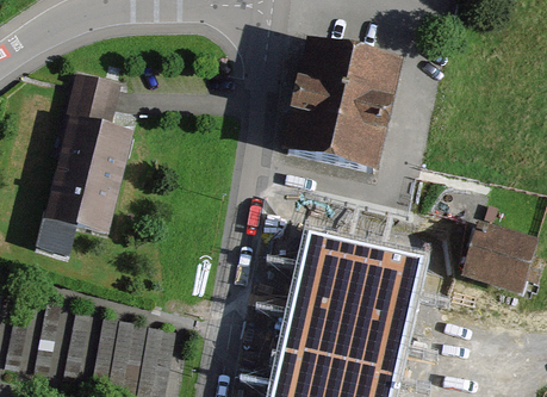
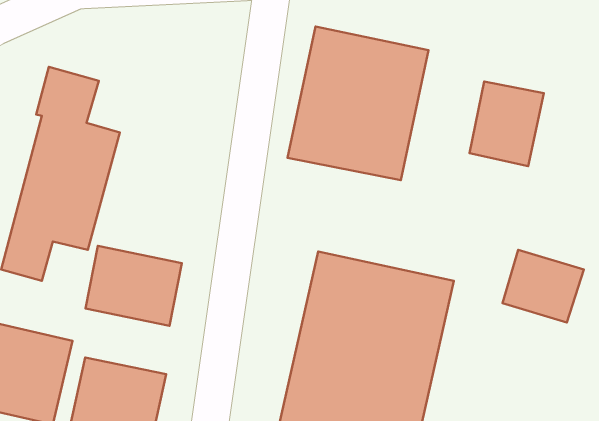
building: none -> [469,81,544,166]
building: none -> [86,246,182,326]

